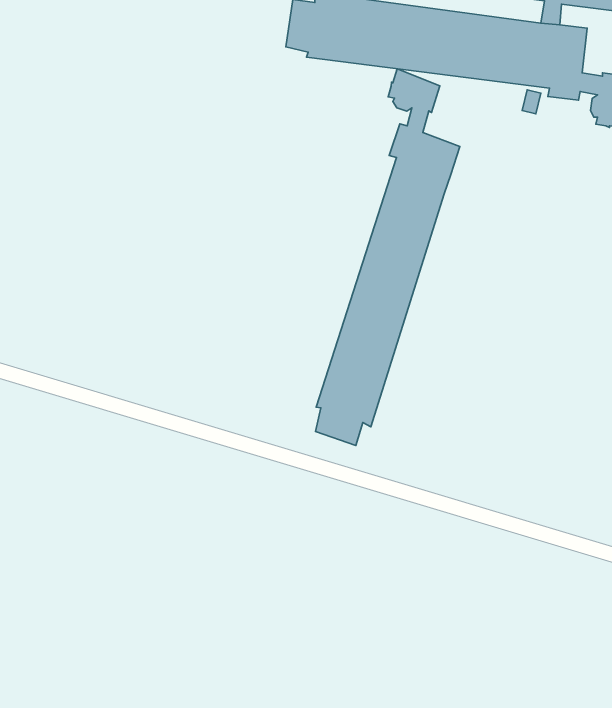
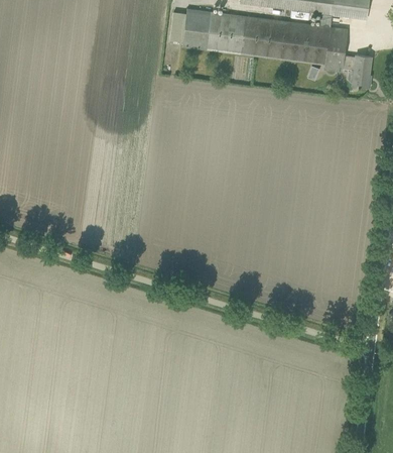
building: [315,69,460,446] -> none

